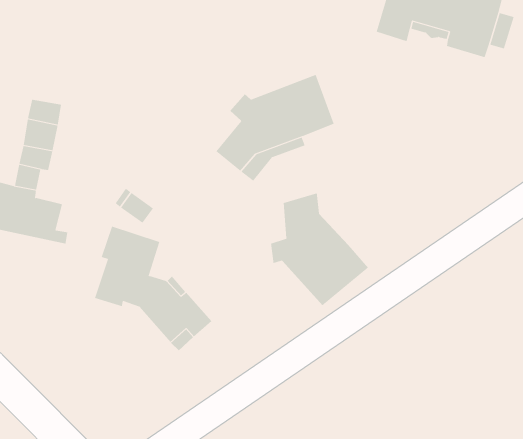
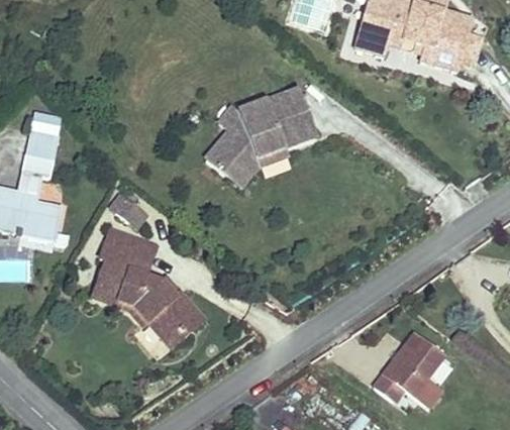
building: [271,193,369,306] -> none
building: none -> [374,330,445,408]

